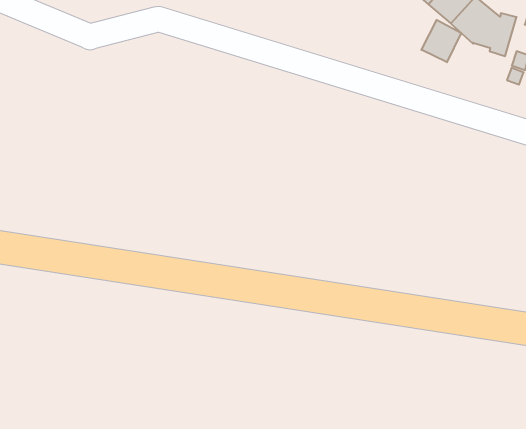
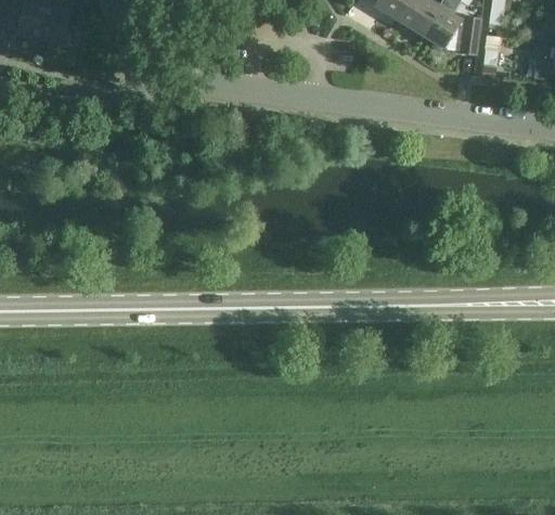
building: [421,20,461,62] -> none

